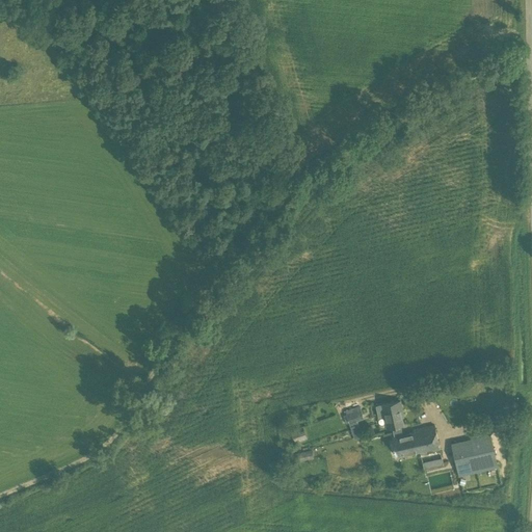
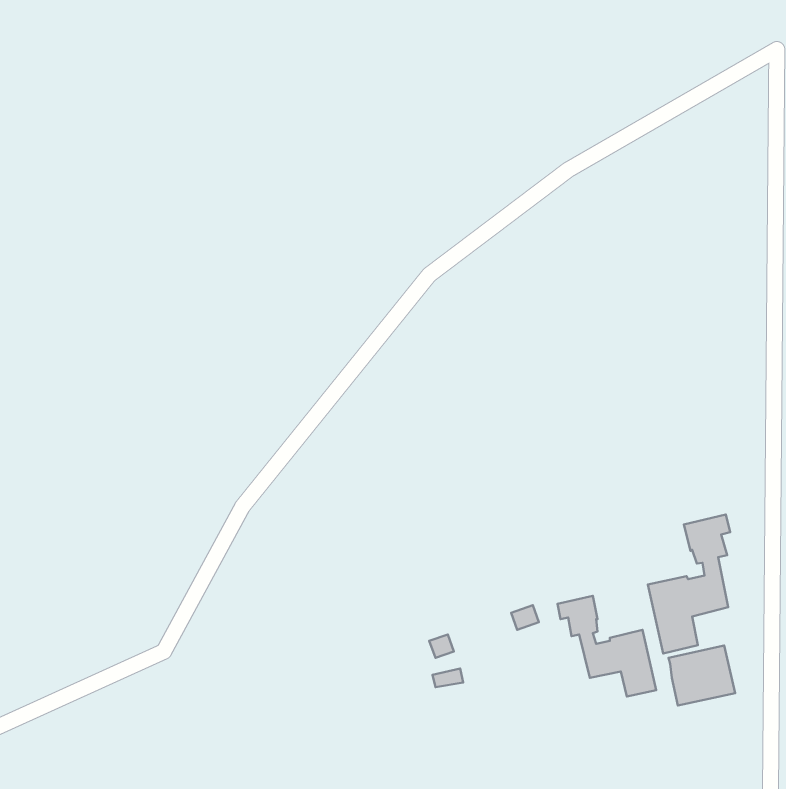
building: none -> [648,515,730,653]

